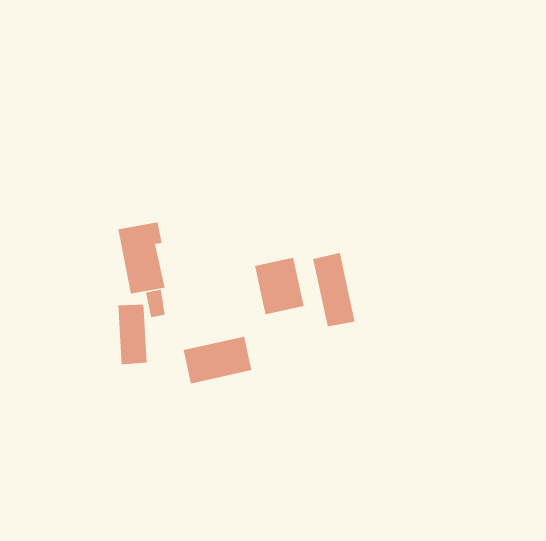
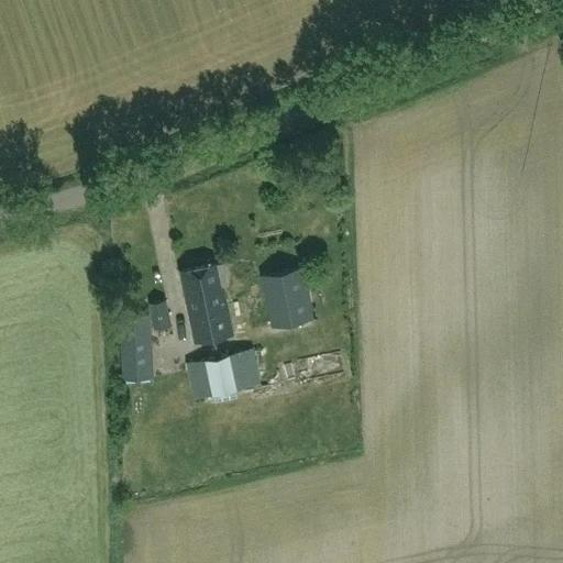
building: [118,222,166,294] -> [183,266,232,341]
building: [313,252,355,327] -> none

